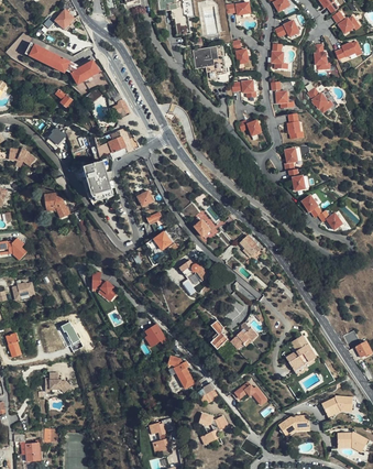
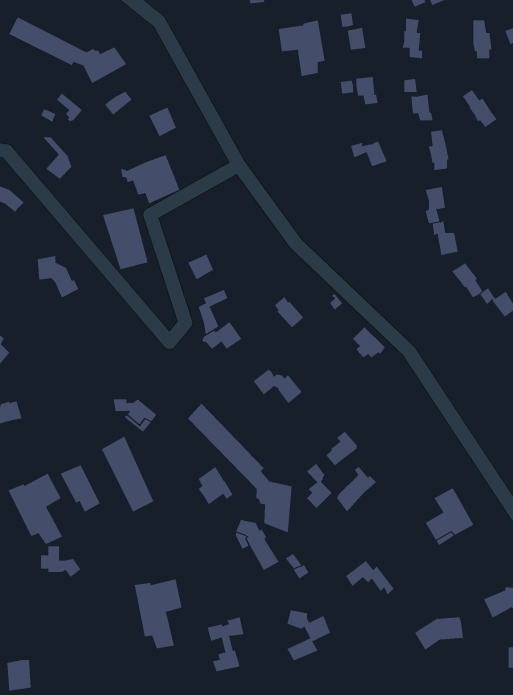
building: none -> [187,403,292,533]
building: none -> [101,436,154,512]
building: none -> [8,473,63,545]
building: none -> [134,578,182,649]

